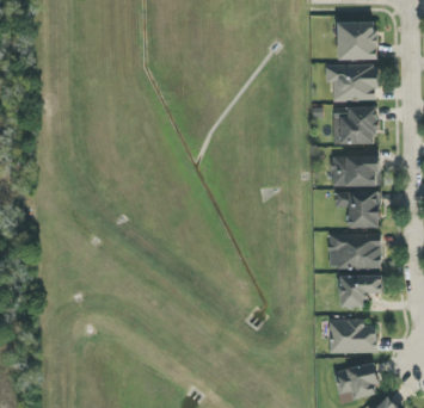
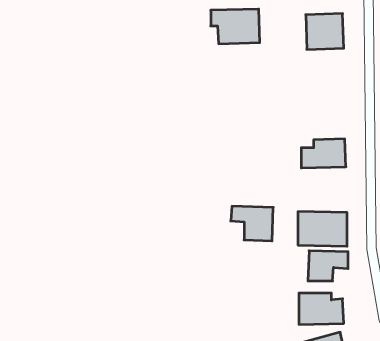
building: [326,64,379,101] -> [211,9,260,44]
building: [334,106,379,144] -> none
building: [336,191,381,228] -> [231,206,273,241]

